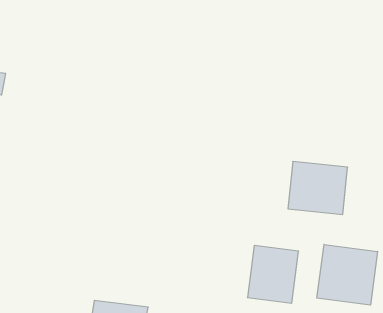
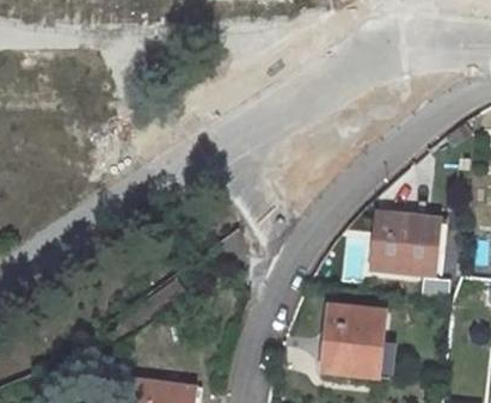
building: [317,244,378,305] -> none

